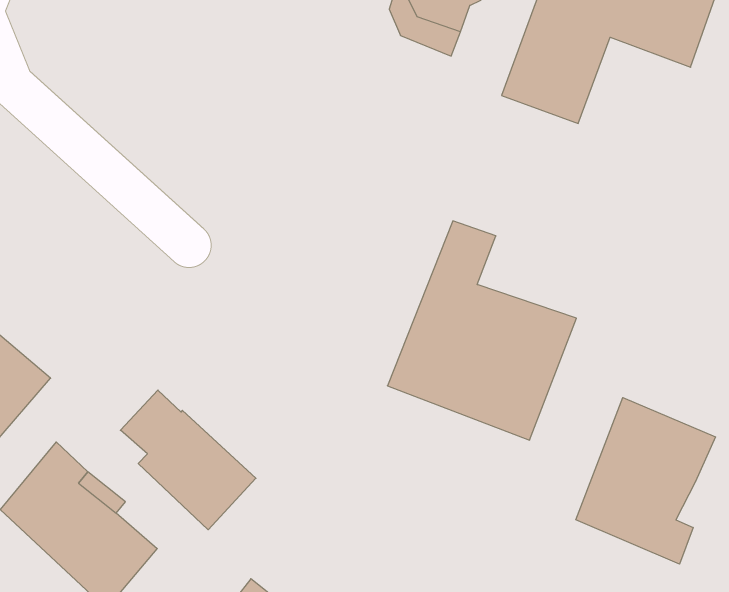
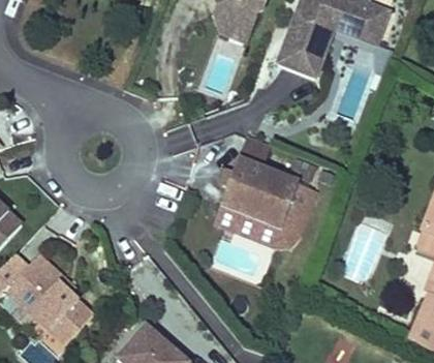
building: [120,390,256,530] -> none
building: [576,398,715,564] -> none

